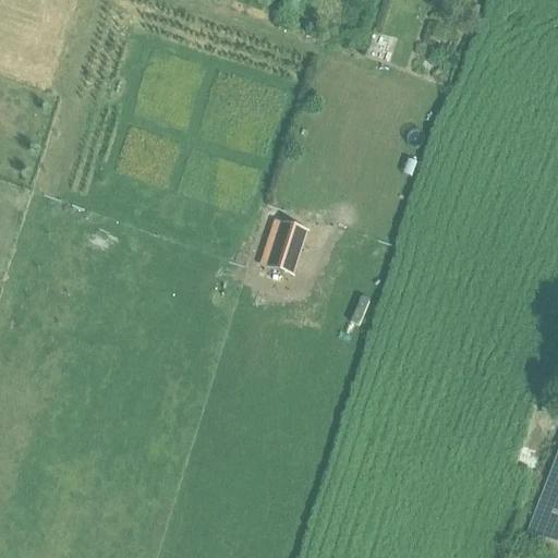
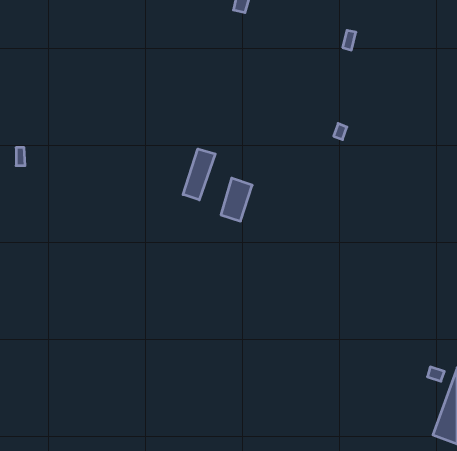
building: none -> [183,149,215,200]

